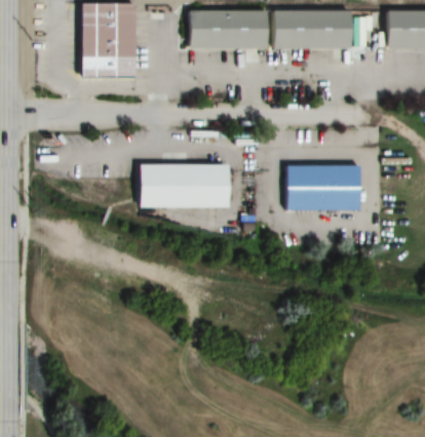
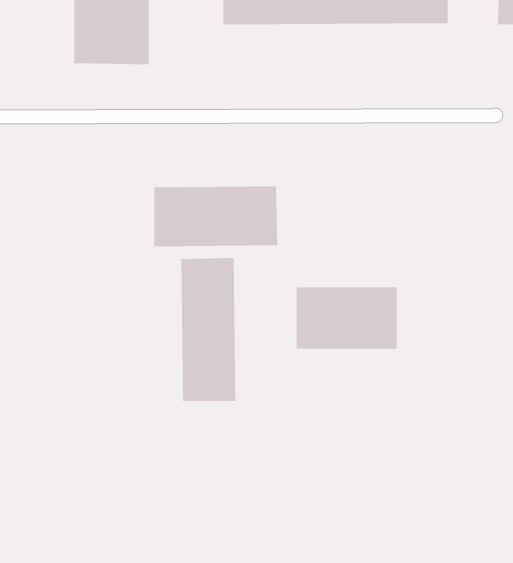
building: [286,165,359,210] -> [296,286,397,349]
building: none -> [180,257,236,402]

